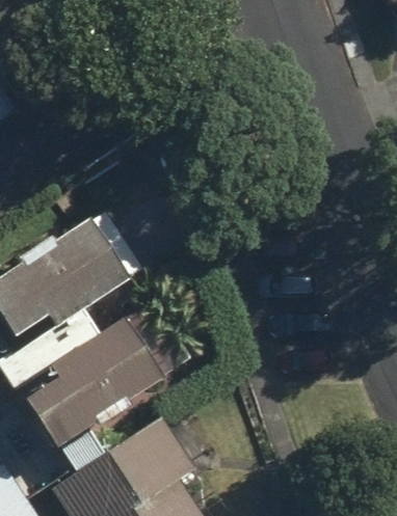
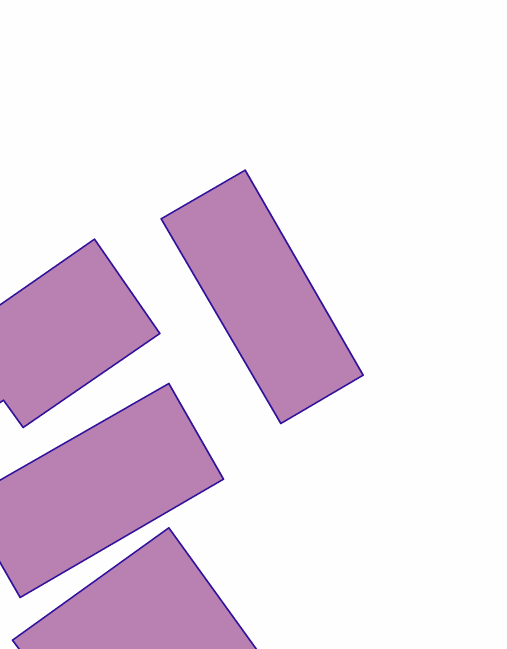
building: none -> [161,170,363,424]

